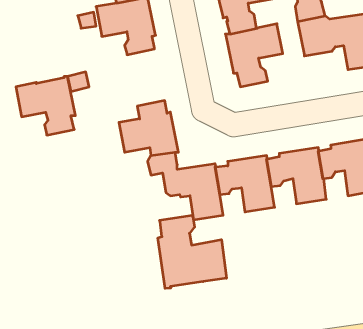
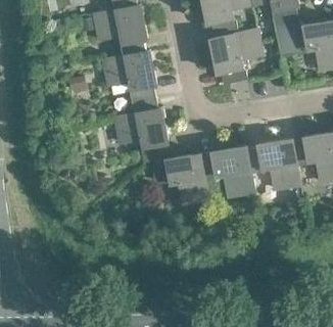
building: [16,77,75,135] -> [103,50,156,102]
building: [158,215,226,288] -> none

